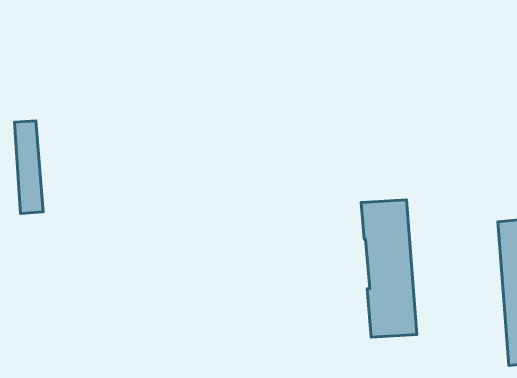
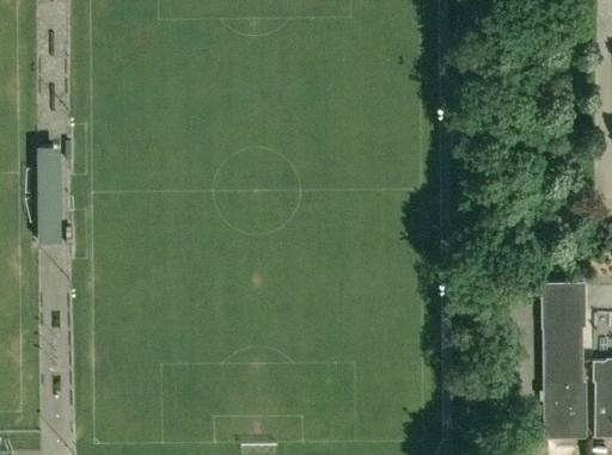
building: [361,200,417,337] -> none

